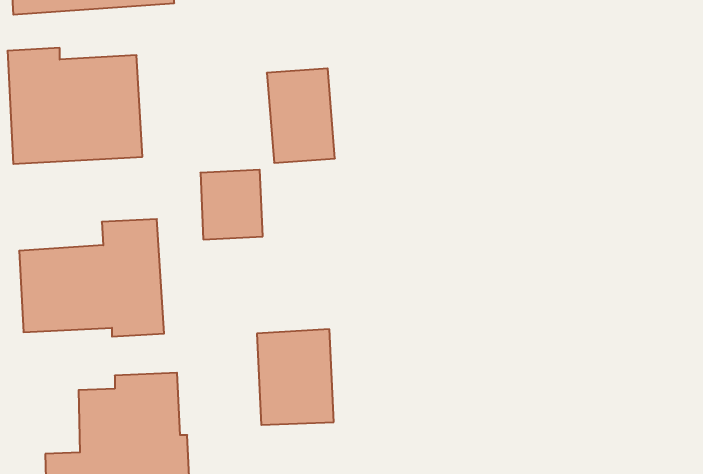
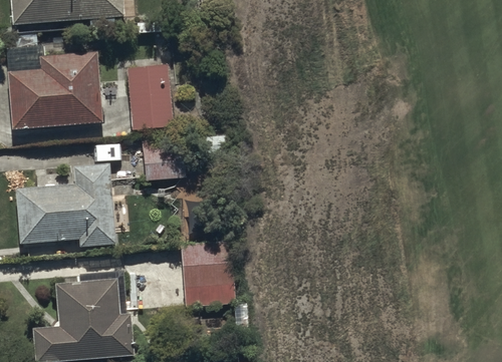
building: [267,68,335,163] -> [127,65,174,130]

